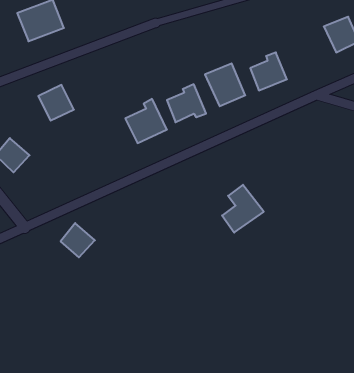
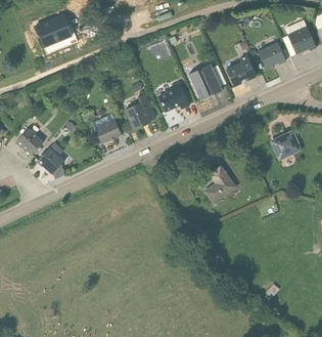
building: none -> [259,41,287,68]
building: [38,85,74,121] -> [91,115,121,144]
building: none -> [271,129,303,161]
building: [61,223,95,257] -> [36,145,64,174]

